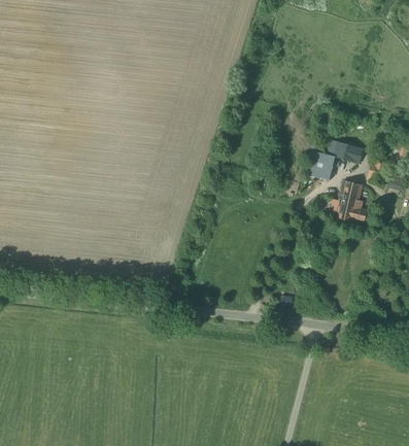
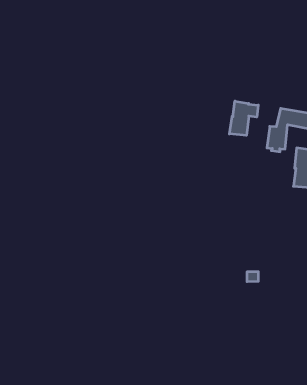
building: none -> [229,101,258,135]

